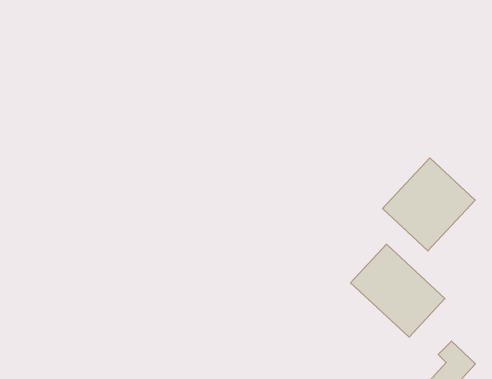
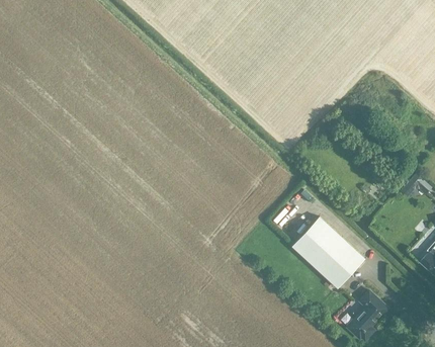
building: [383,158,475,251] -> none

